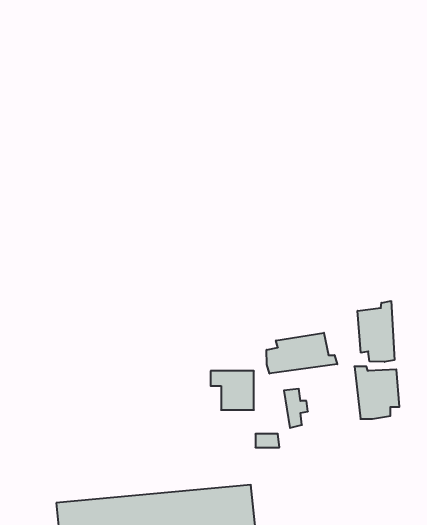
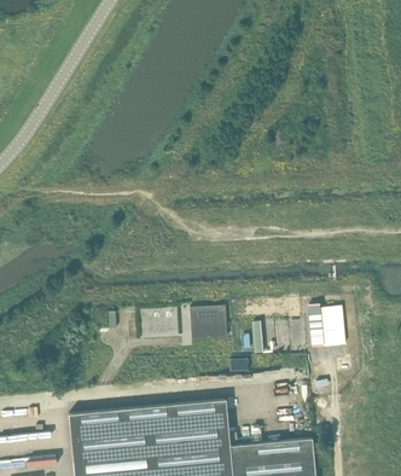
building: [358,301,394,362] -> none
building: [267,333,337,374] -> none

